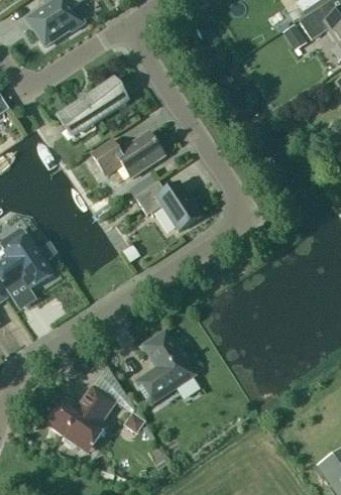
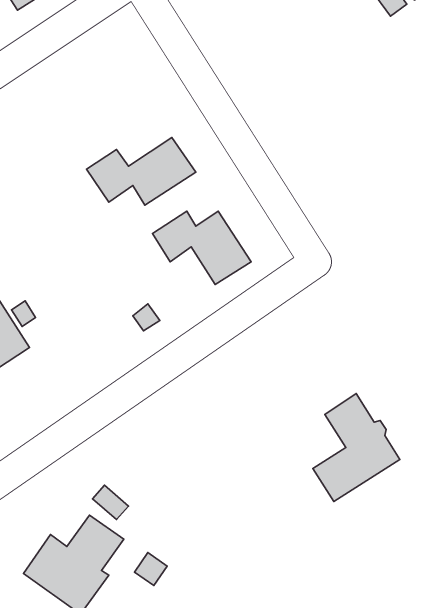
building: [56,78,127,131] -> none
building: [135,330,194,402] -> [313,394,400,501]

